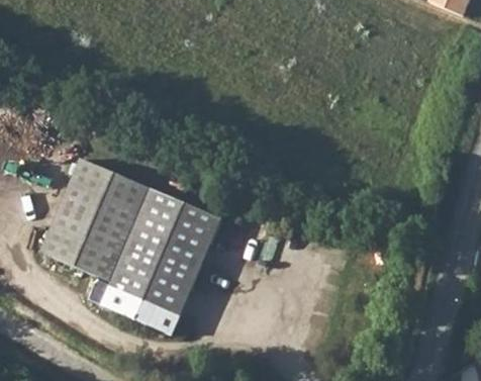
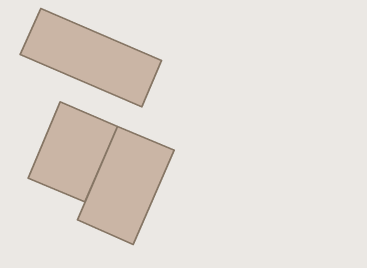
building: none -> [20,8,161,107]

